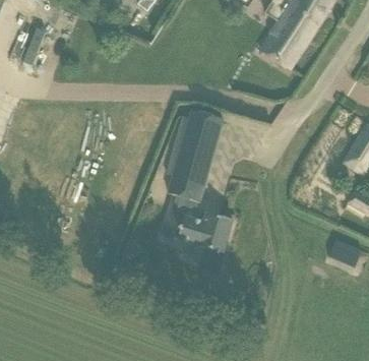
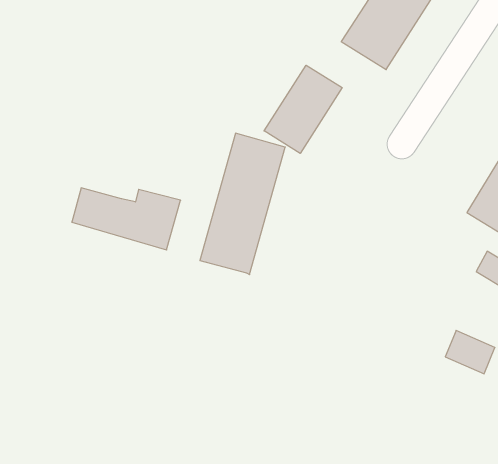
building: none -> [264,65,342,153]
building: [163,212,234,252] -> [72,188,181,250]

